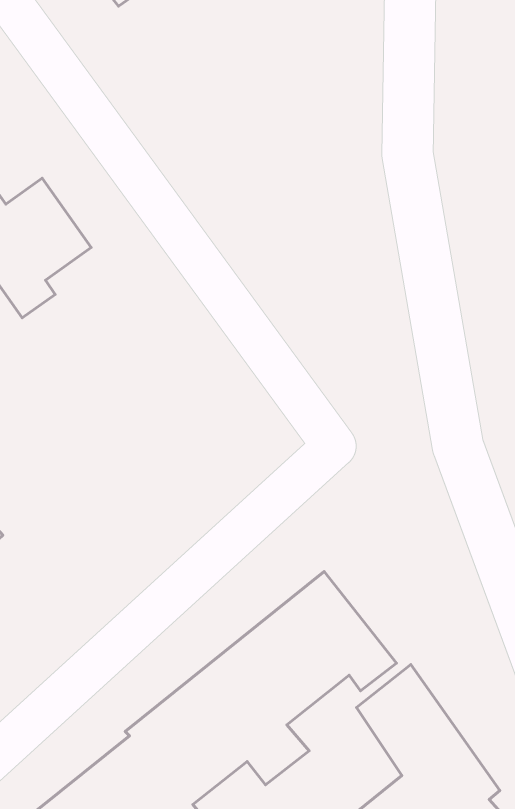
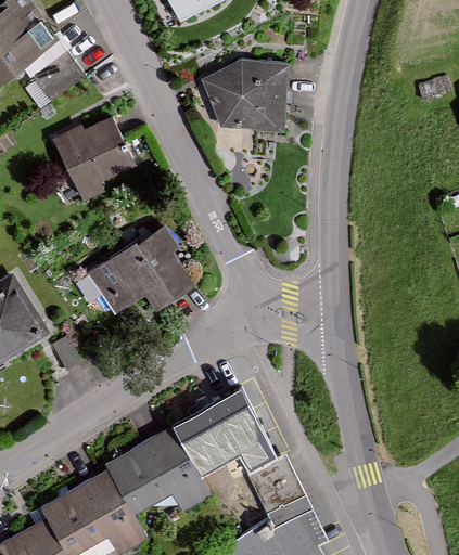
building: none -> [202,62,286,131]
building: none -> [81,229,190,318]

